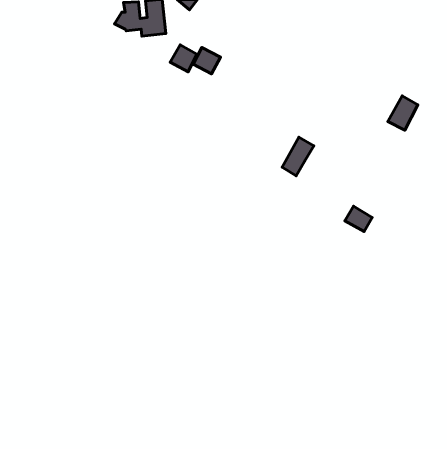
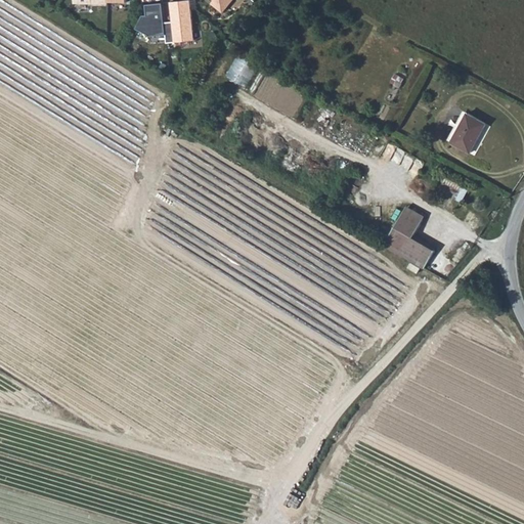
building: [170,45,197,72] -> none
building: [282,137,314,176] -> [384,212,421,257]

